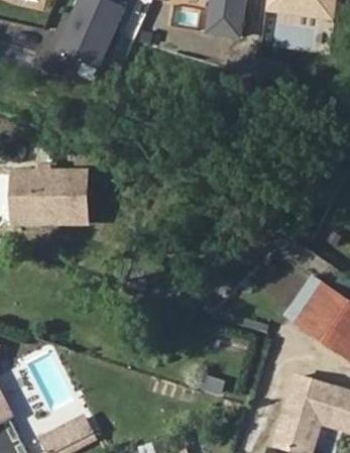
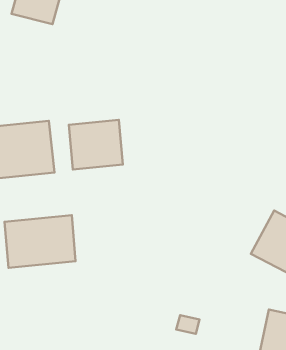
building: none -> [69,120,123,170]
building: none -> [5,215,76,268]

